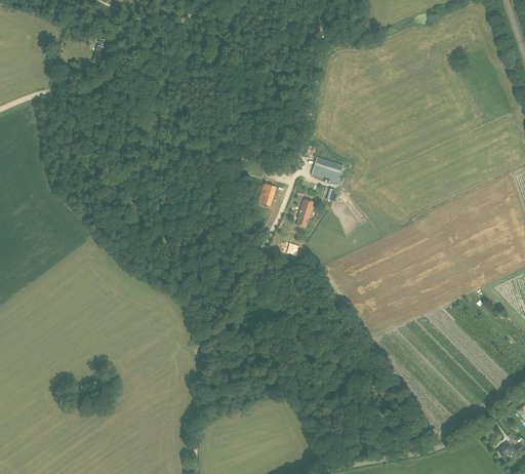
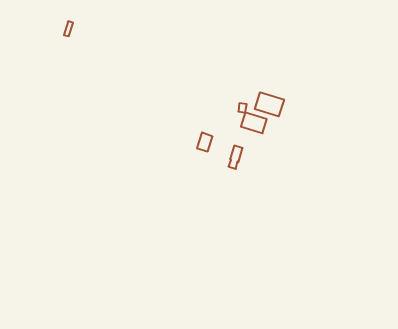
building: none -> [255,92,284,116]

